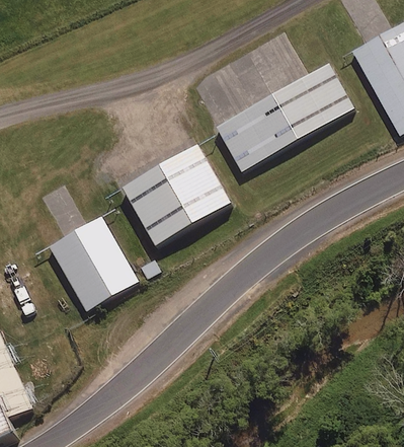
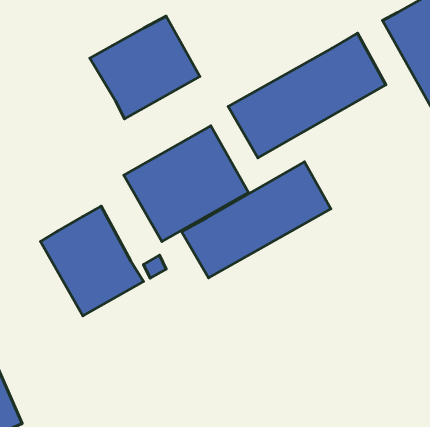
building: none -> [90,16,200,119]
building: none -> [182,162,331,278]

